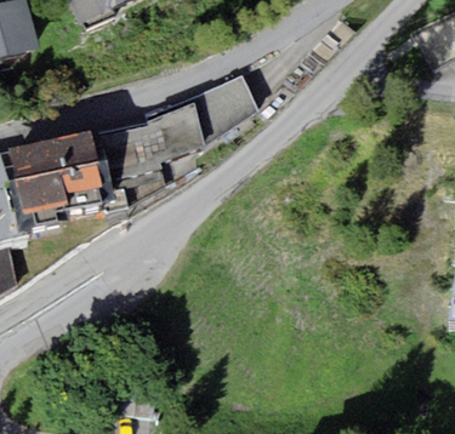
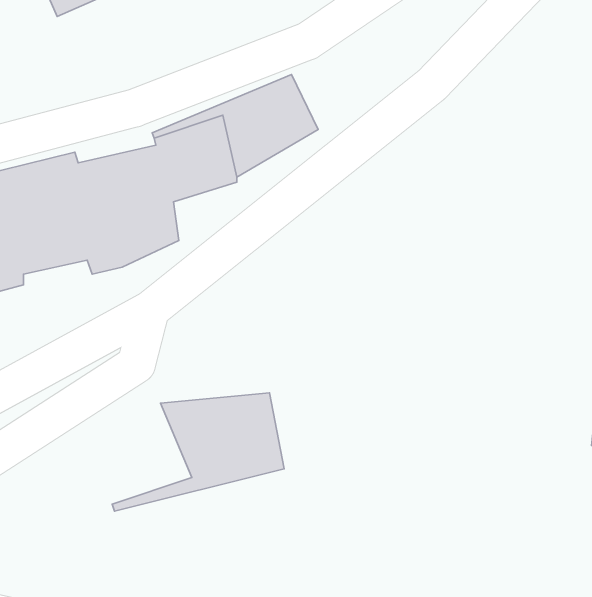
building: none -> [112,393,284,511]

